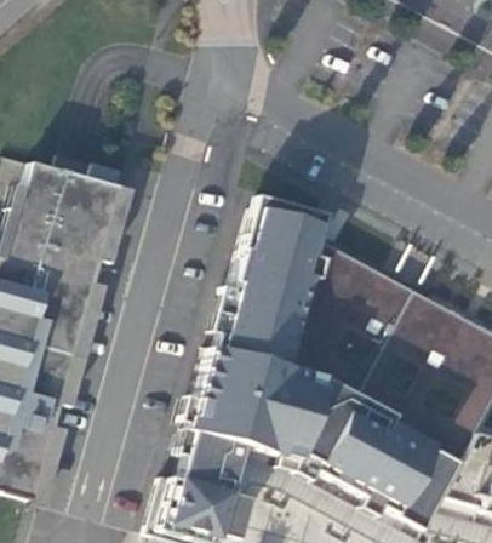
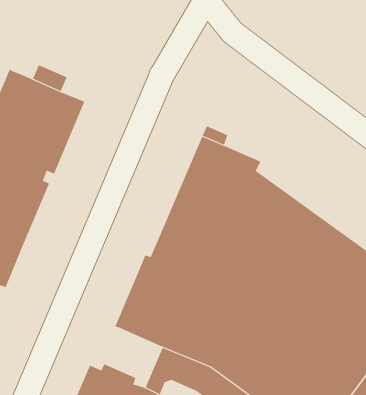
building: [189,436,251,498] -> none

